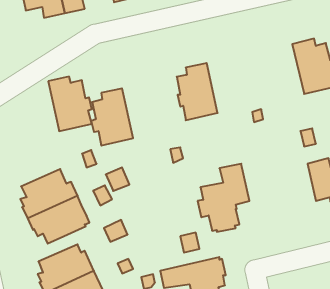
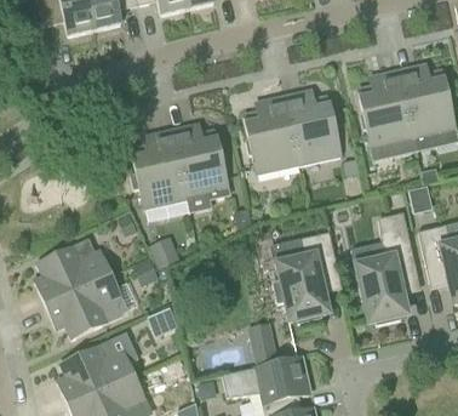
building: none -> [357,72,413,147]
building: none -> [284,91,340,164]
building: [48,77,92,131] -> [171,125,229,198]
building: none -> [354,212,419,325]

